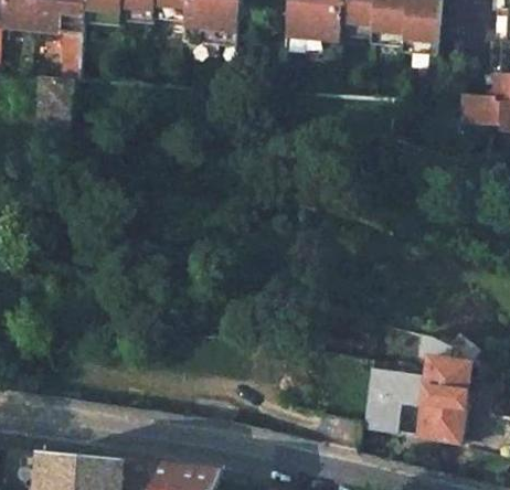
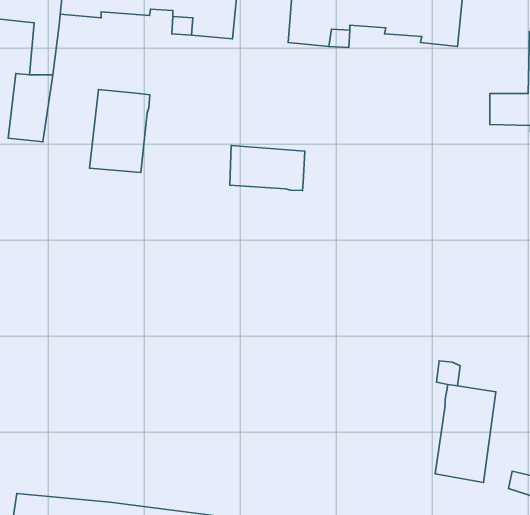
building: none -> [89,90,150,172]
building: none -> [230,146,305,191]
building: [361,363,426,433] -> none

